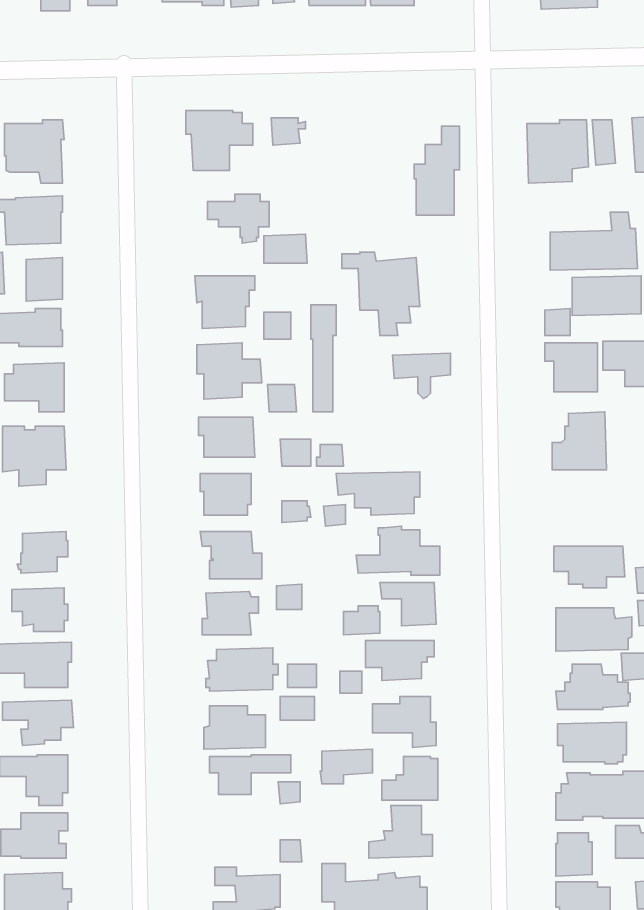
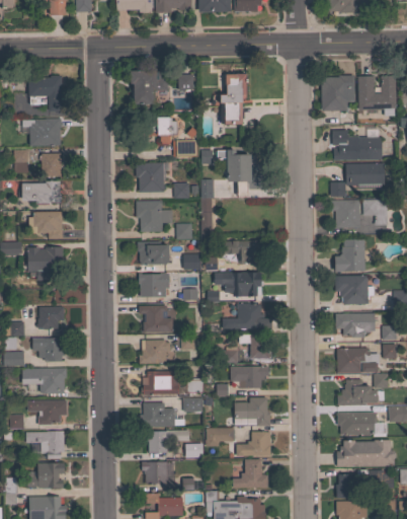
building: [414,126,460,215] -> [221,74,246,124]
building: [392,353,450,399] -> [224,240,256,266]
building: none -> [335,276,375,305]
building: none -> [142,461,168,485]

